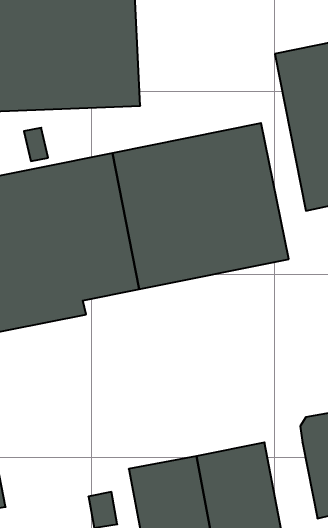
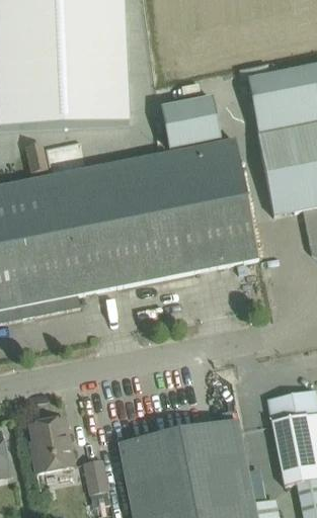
building: none -> [160,94,221,149]
building: none -> [30,417,75,471]

